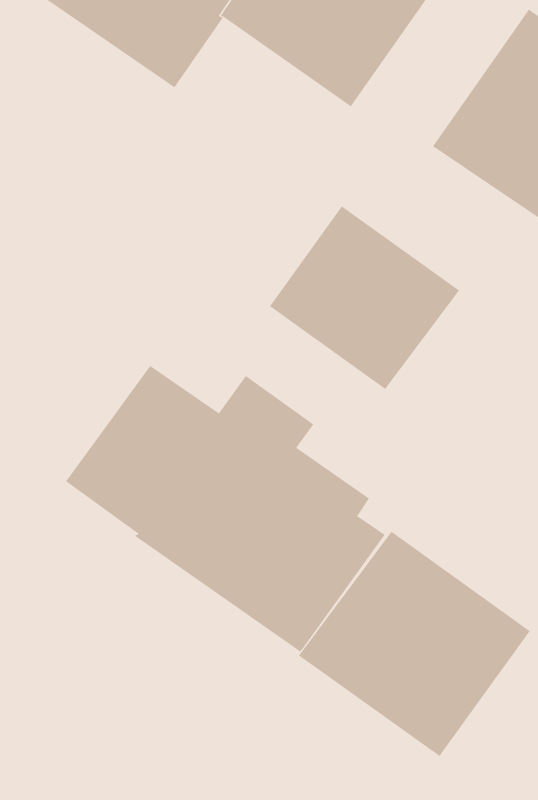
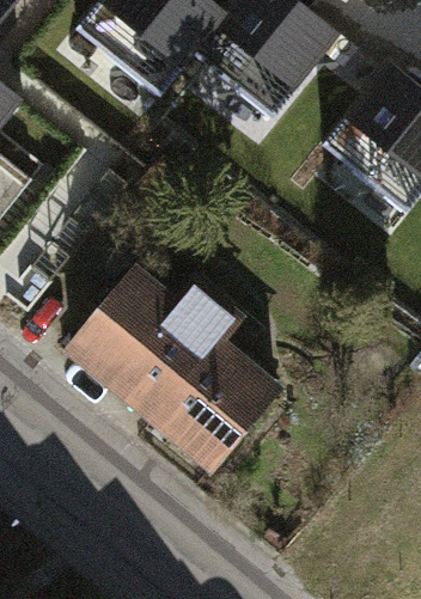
building: [269,205,460,390] -> none
building: [298,531,530,757] -> none

